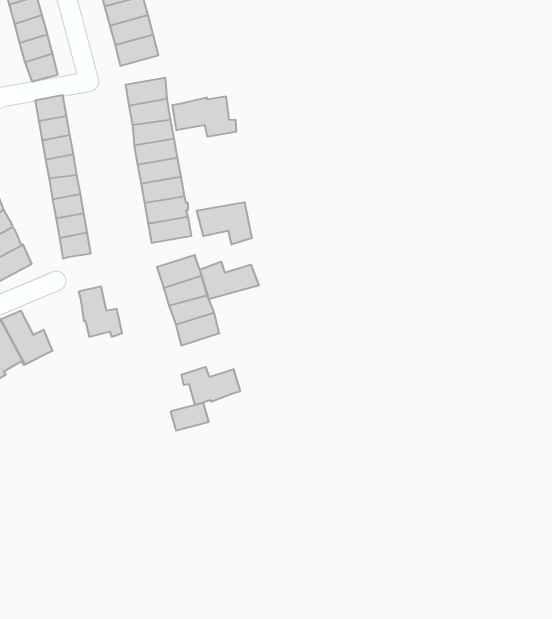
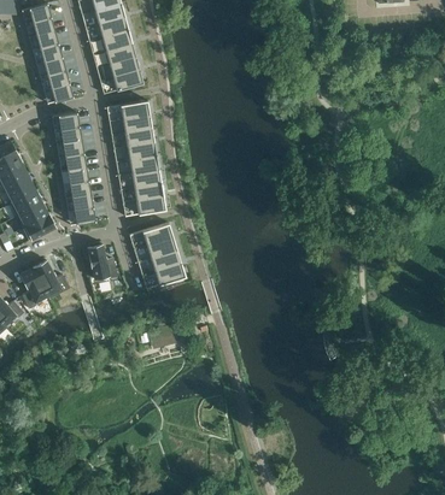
building: [172,96,236,137] -> none
building: [197,202,252,245] -> none
building: [200,262,259,299] -> none
building: [182,367,240,405] -> none

